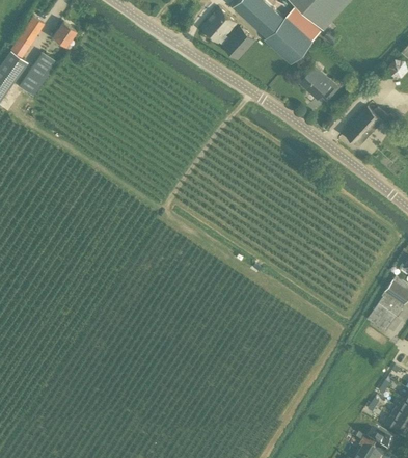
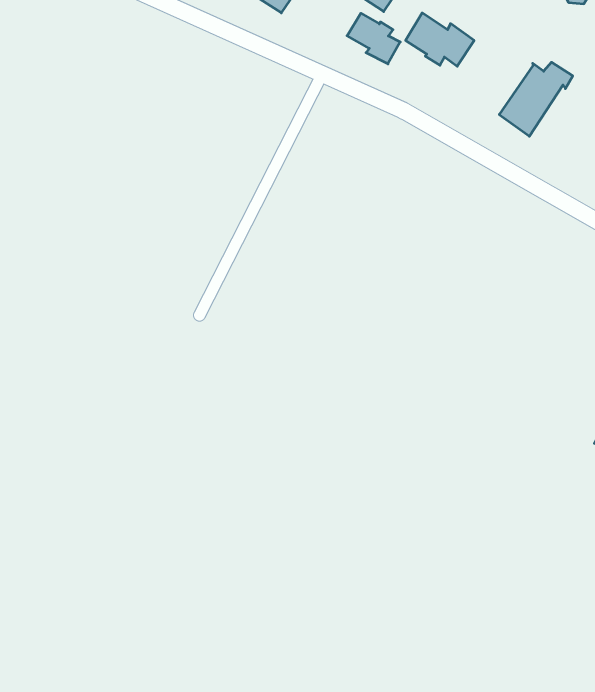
building: none -> [347,13,400,64]

